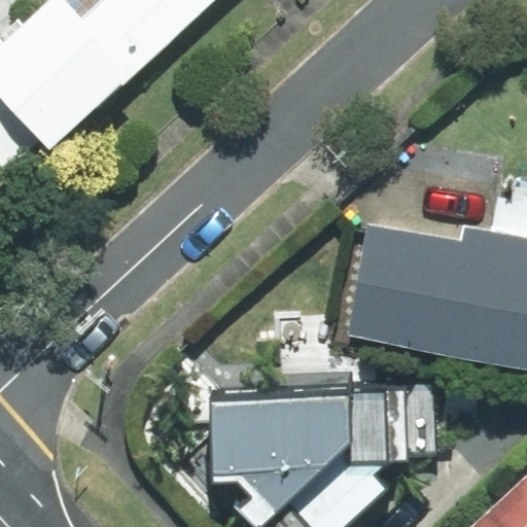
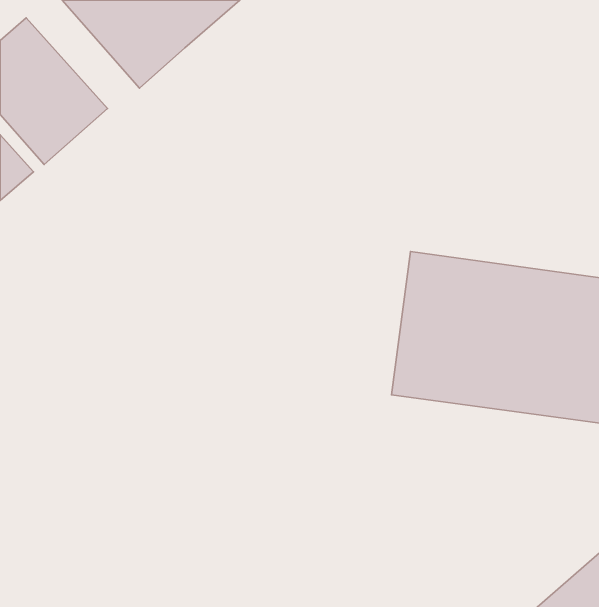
building: [207,372,426,501] -> none

